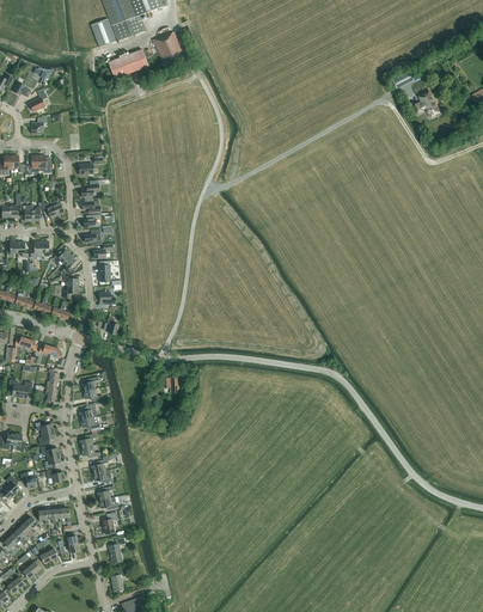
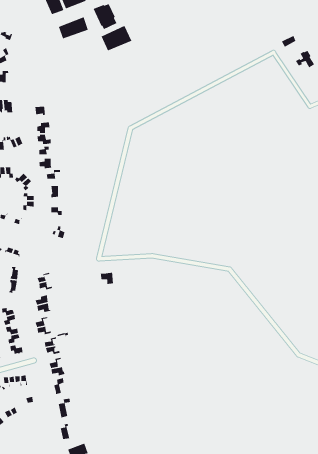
building: none -> [100,25,133,52]

